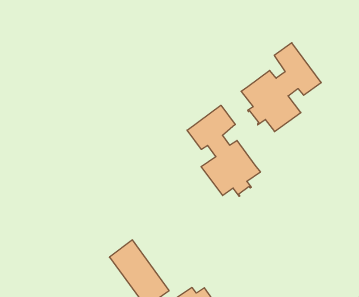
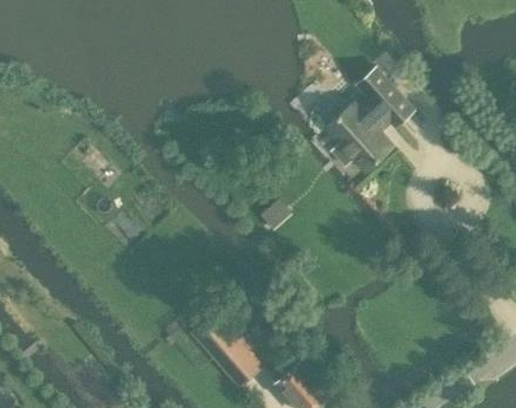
building: [187,105,260,196] -> none

